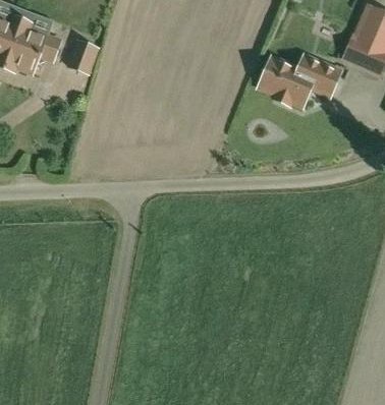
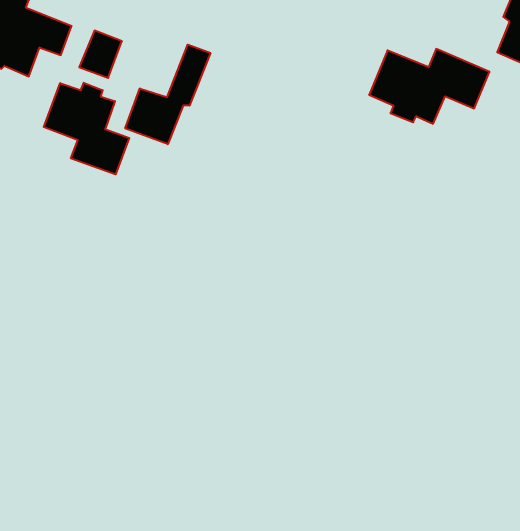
building: none -> [125,45,210,144]
building: none -> [44,83,129,174]

